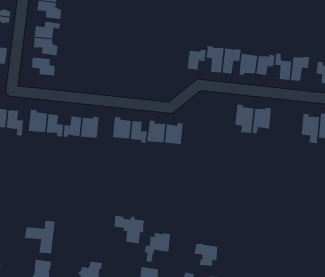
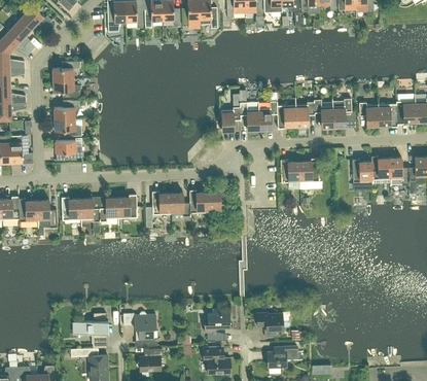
building: [114,215,145,245] -> [122,311,159,340]

